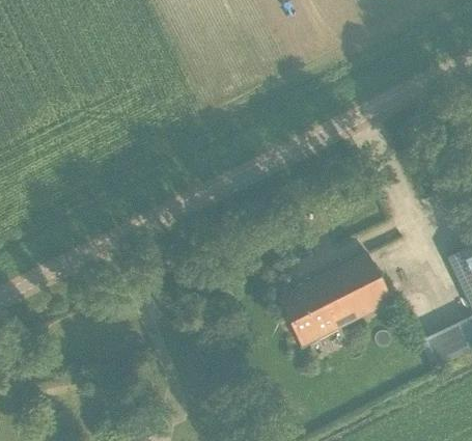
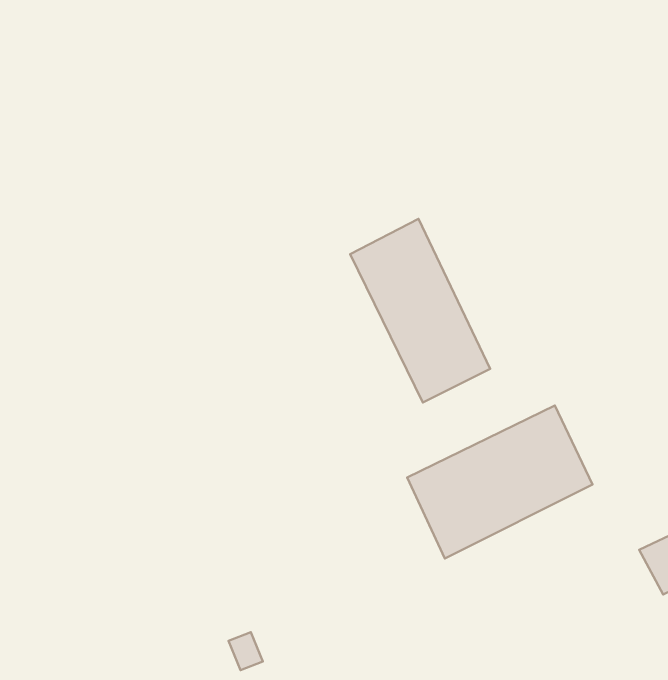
building: none -> [350,219,490,403]

